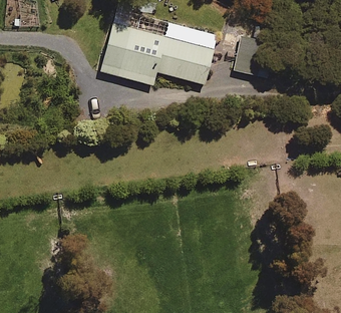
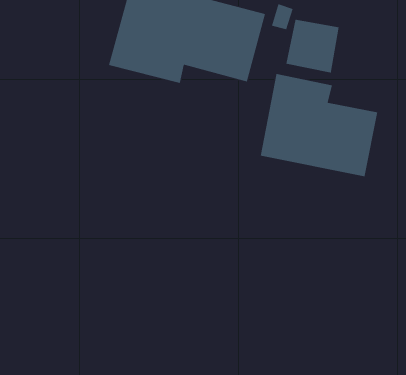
building: none -> [260,73,378,177]

